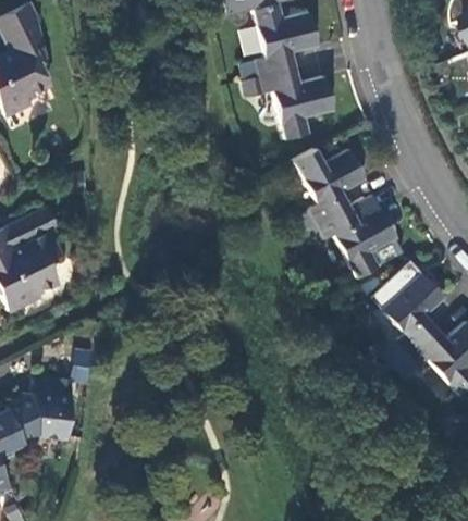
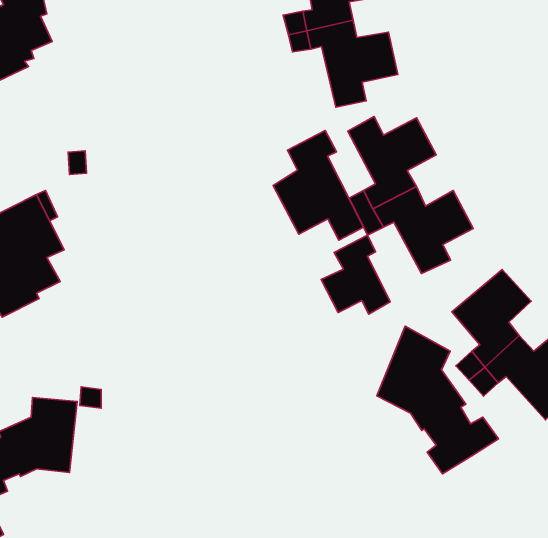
building: none -> [273,131,364,240]
building: none -> [321,235,390,314]
building: none -> [377,326,499,474]

